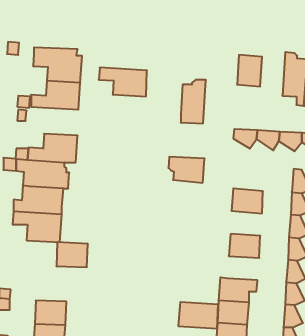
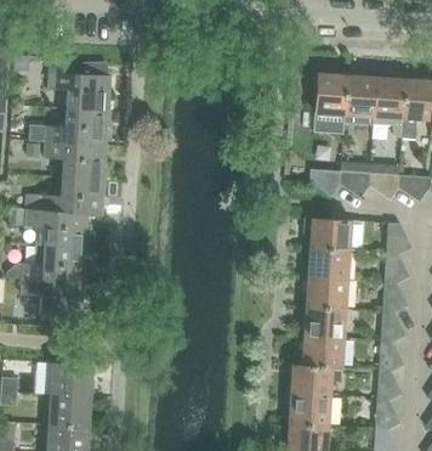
building: [99,68,147,96] -> [44,141,107,179]
building: [181,80,206,123] -> [345,69,377,126]
building: [168,157,205,183] -> [303,218,351,252]
building: none -> [306,277,347,310]
building: [56,242,88,267] -> [51,363,92,396]
building: none -> [302,337,343,368]
building: [179,302,218,329] -> none

